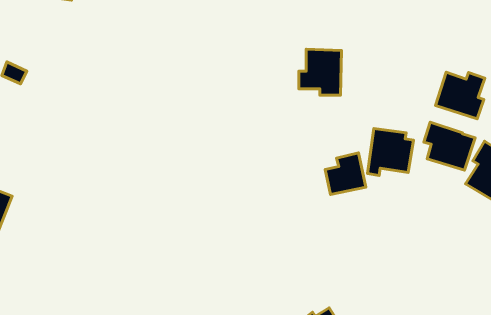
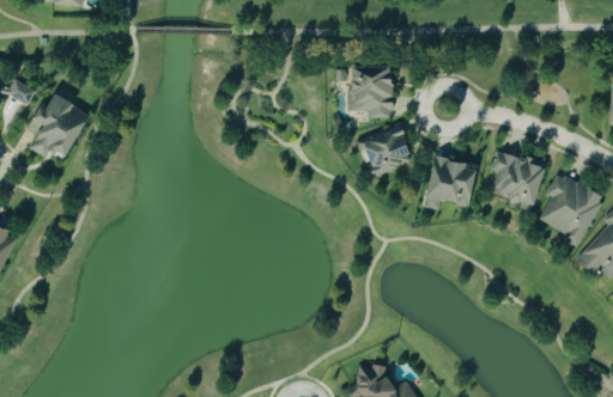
building: [436,72,485,119] -> none
building: none -> [23,93,90,159]
building: [325,153,366,195] -> [365,122,412,170]

